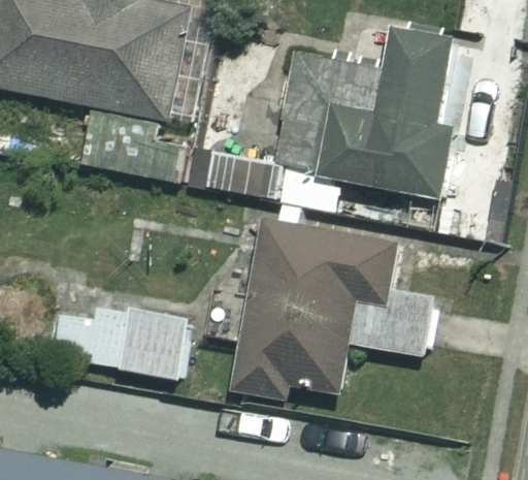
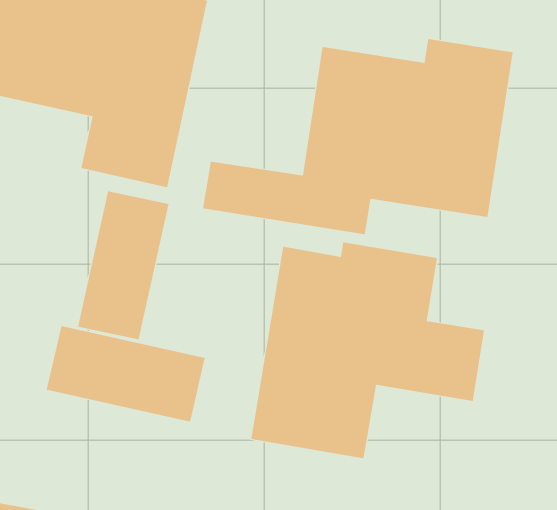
building: none -> [78,191,169,340]

